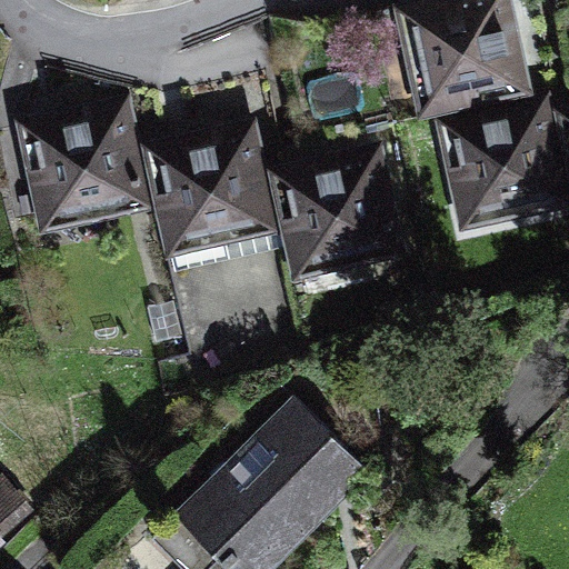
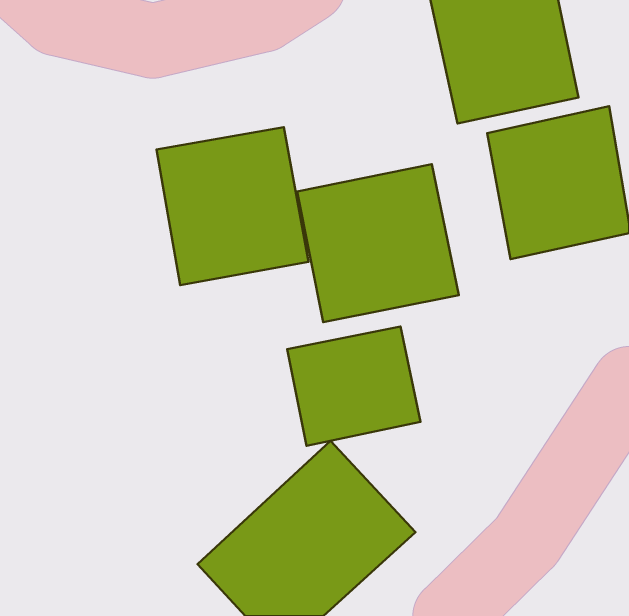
building: [6,96,153,234] -> none
building: none -> [287,326,421,446]

